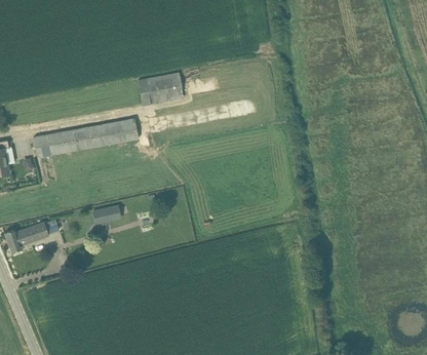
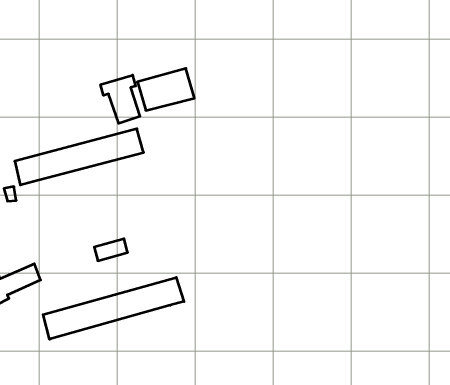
building: none -> [101,75,140,123]
building: none -> [43,277,184,339]

